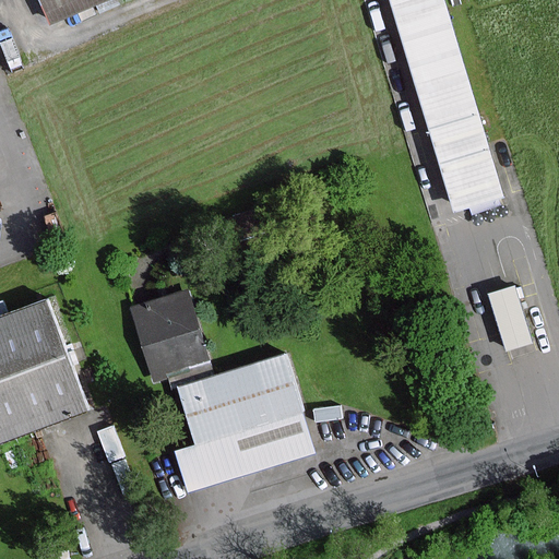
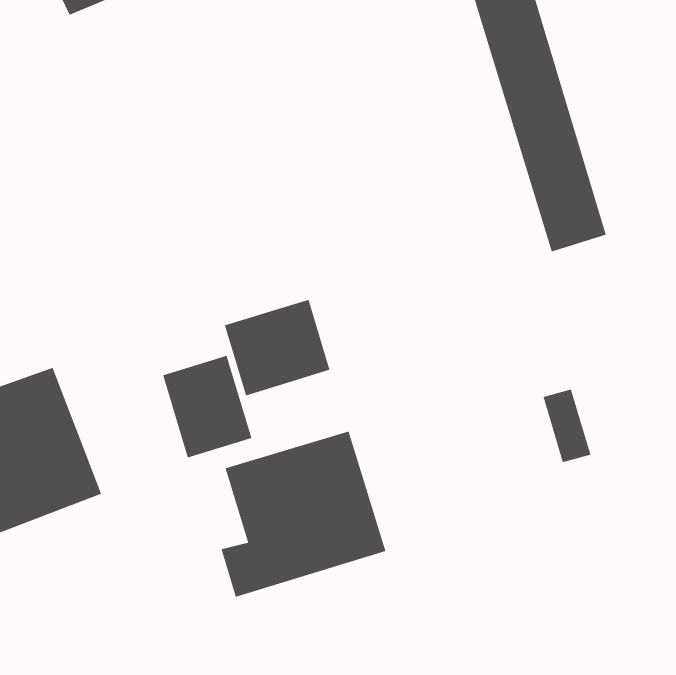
building: none -> [224,299,331,396]
building: [488,285,528,346] -> [542,389,592,463]

